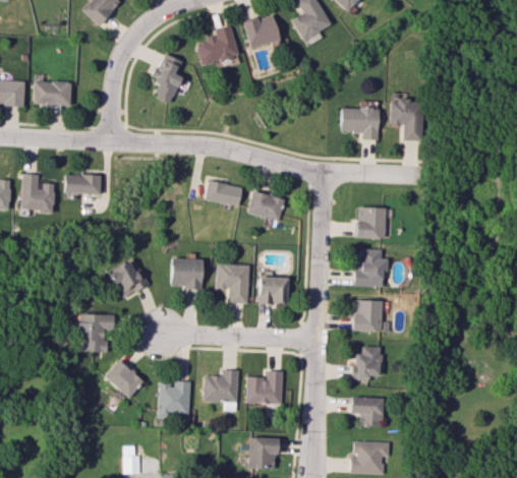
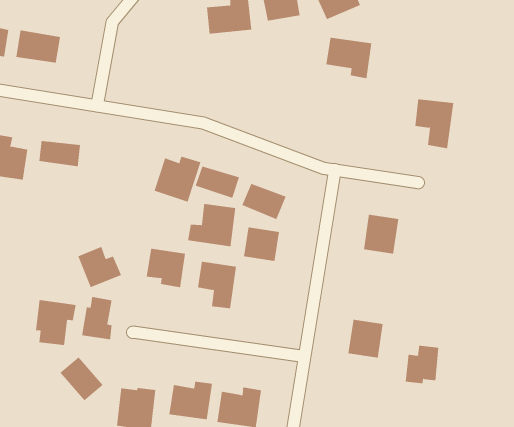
building: [150,55,181,104] -> none
building: [340,108,379,140] -> [326,37,372,79]
building: none -> [154,156,201,202]
building: none -> [187,203,236,247]
building: [354,249,389,287] -> none
building: [258,277,288,304] -> [243,227,280,261]
building: none -> [82,296,112,340]
building: [354,347,382,380] -> [405,345,439,384]

